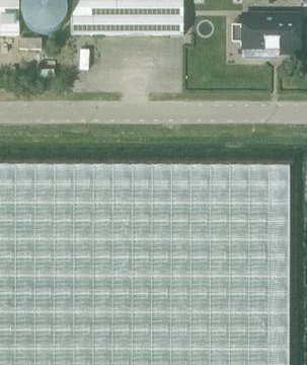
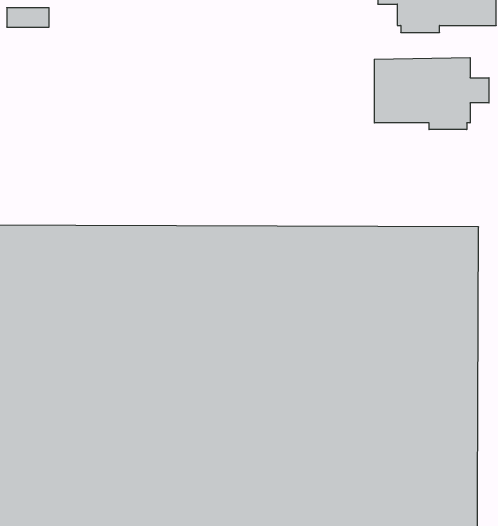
building: none -> [374,58,489,130]

